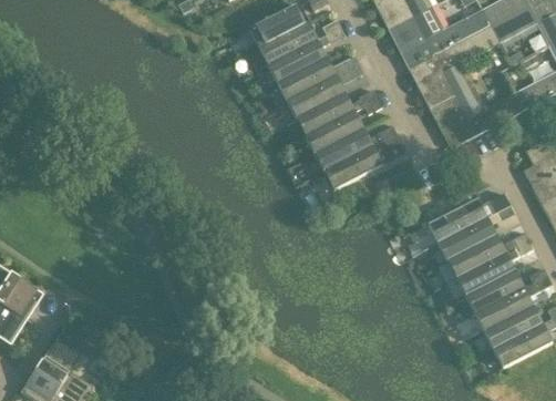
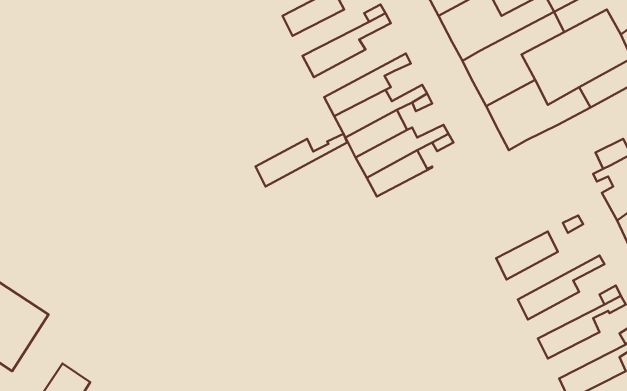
building: [260,23,315,64] -> none
building: [279,54,360,101] -> [255,134,347,187]
building: [430,198,485,243] -> none
building: [449,232,531,279] -> none
building: [467,273,522,313] -> none
building: [485,308,540,349] -> none

